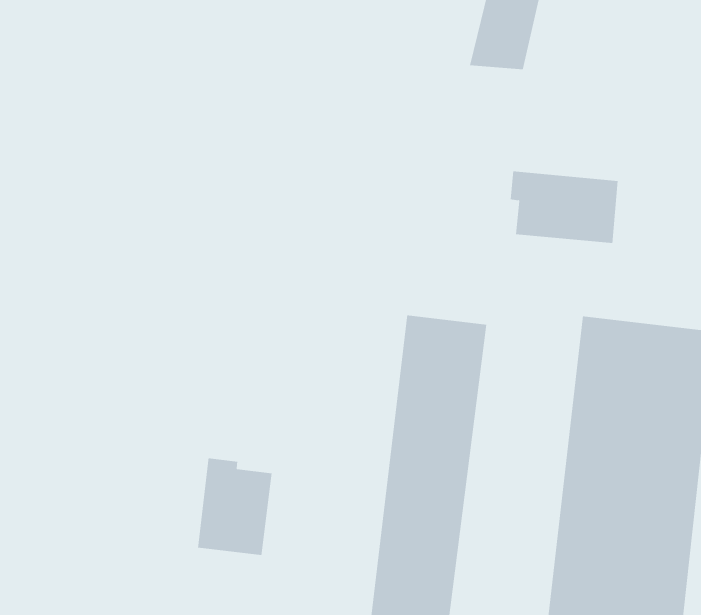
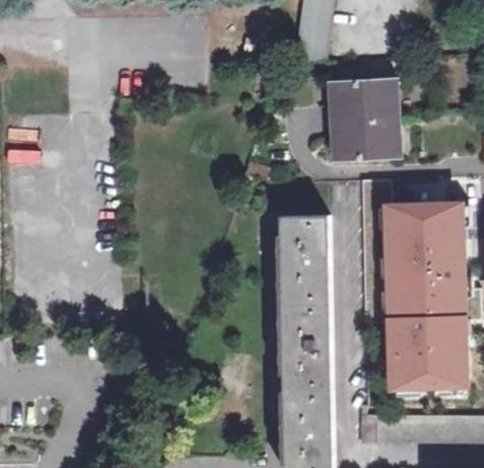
building: none -> [327,81,393,123]
building: [198,458,272,556] -> none

